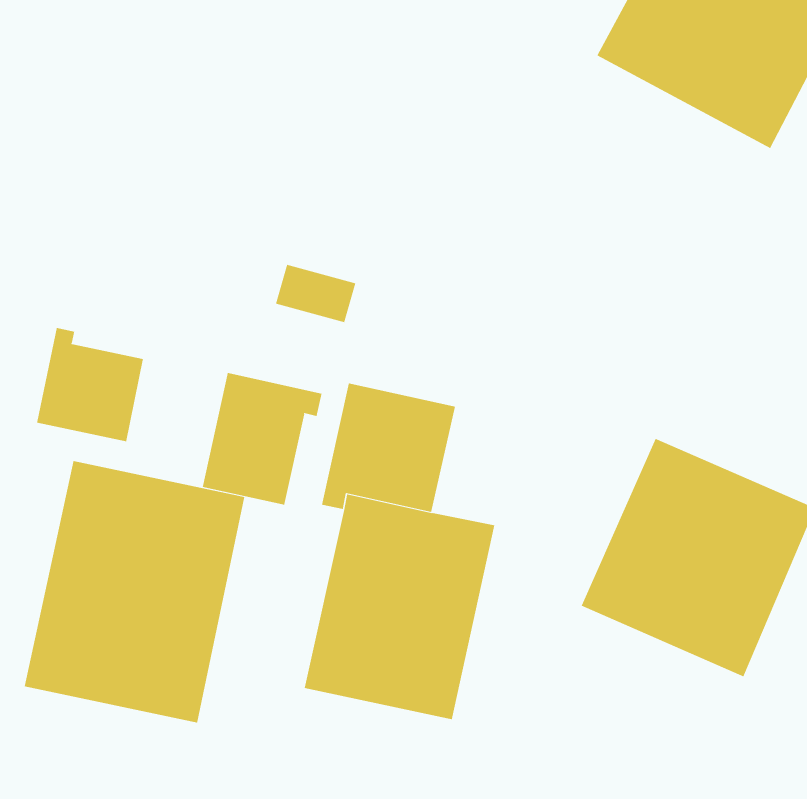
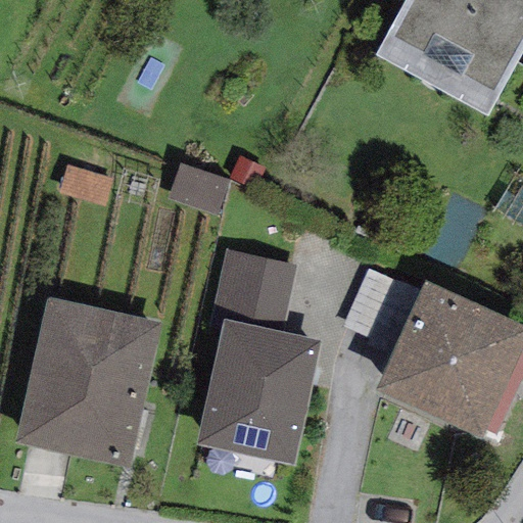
building: [36,327,144,442] -> none
building: [202,372,322,505] -> none

